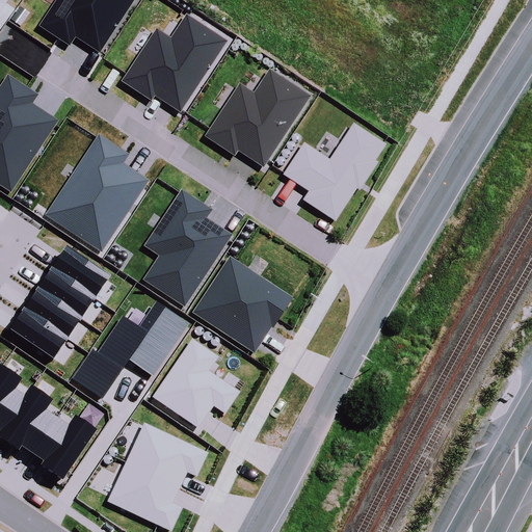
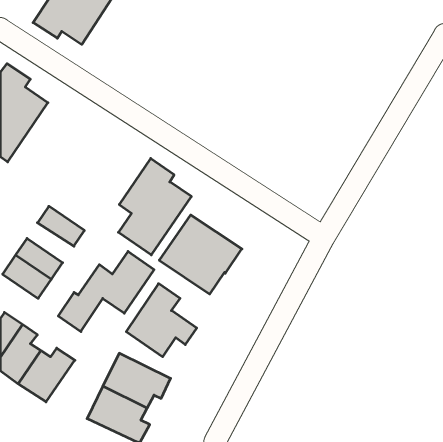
building: [124,17,228,112] -> none
building: [208,72,311,167] -> none
building: [285,126,384,221] -> none
building: [45,134,148,251] -> none
building: [34,266,90,314] -> none

